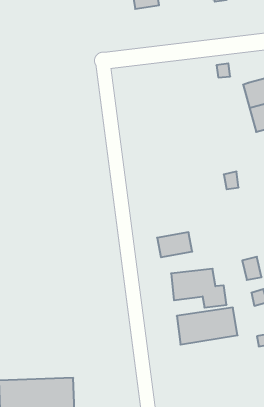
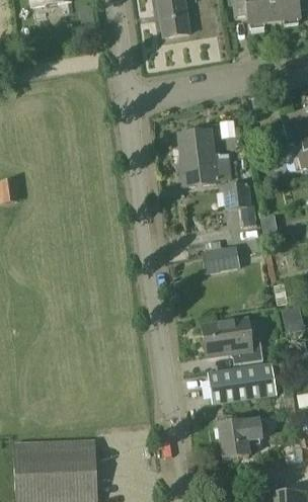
building: none -> [178,129,230,185]
building: none -> [224,182,252,224]
building: [157,232,192,257] -> [201,245,239,272]
building: none -> [218,418,261,457]

